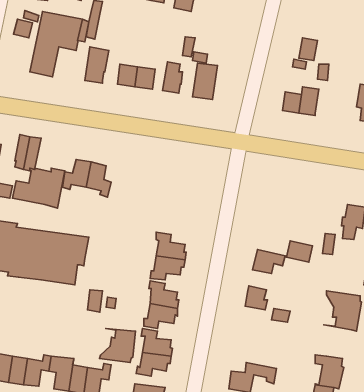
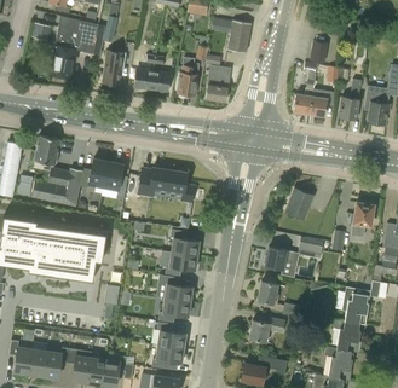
building: none -> [227,19,252,52]
building: none -> [340,79,364,118]
building: none -> [139,164,195,201]
building: none -> [285,187,315,219]
building: none -> [249,317,285,342]
building: none -> [333,318,360,352]
building: [100,328,135,362] -> none

